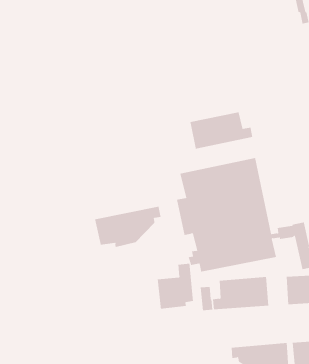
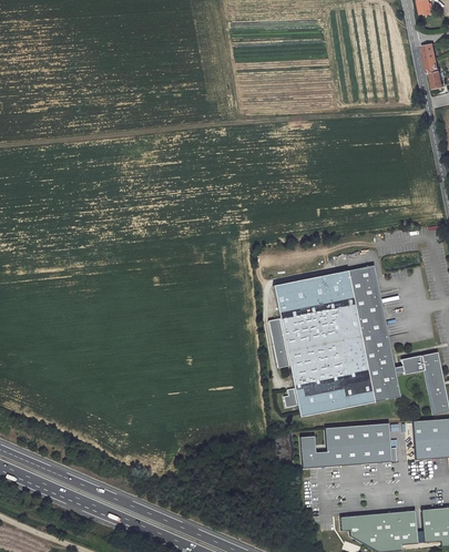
building: [190,112,253,150] -> none
building: [95,206,161,248] -> none
building: [157,263,193,309] -> none

